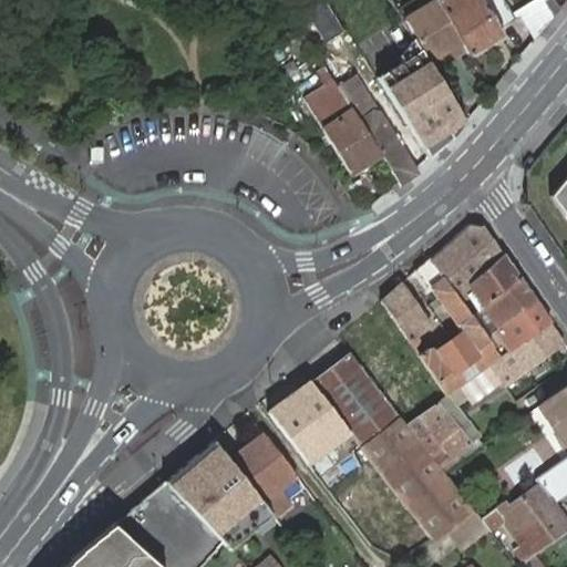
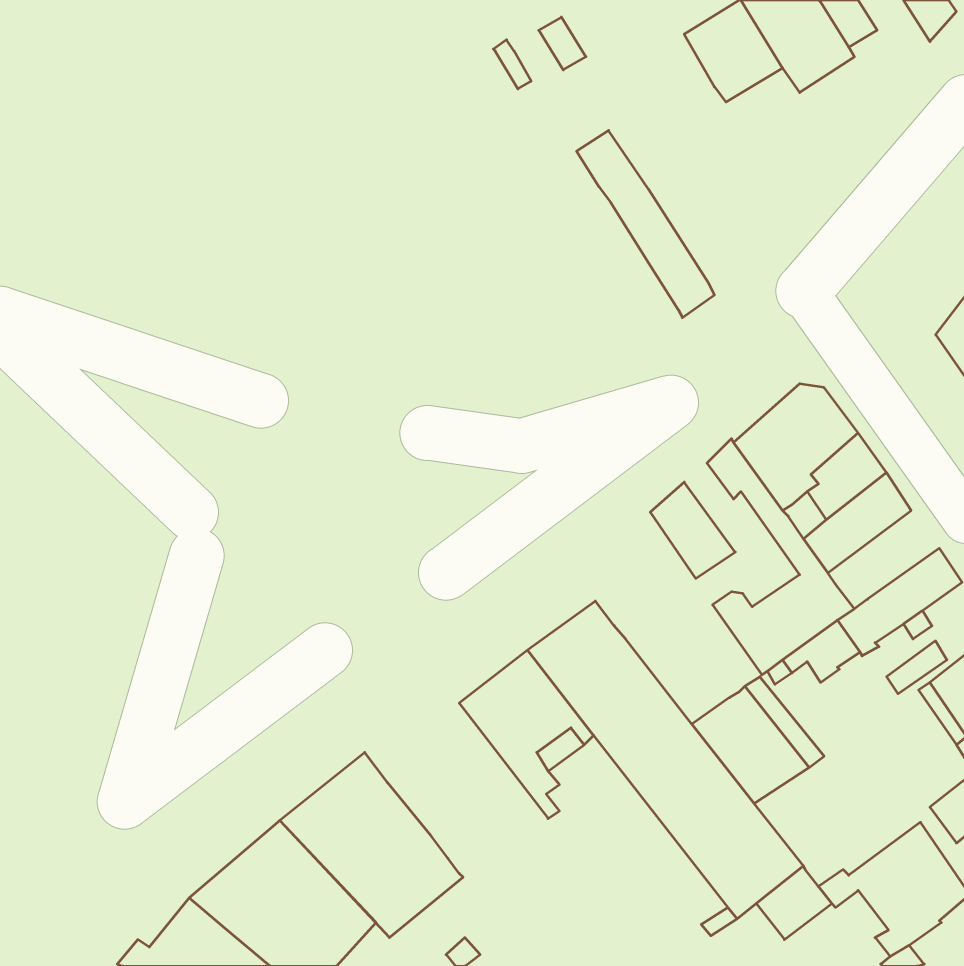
building: [375,51,462,158] -> none
building: [301,62,381,173] -> none
building: [486,299,551,351] -> none
building: [228,432,298,512] -> none

